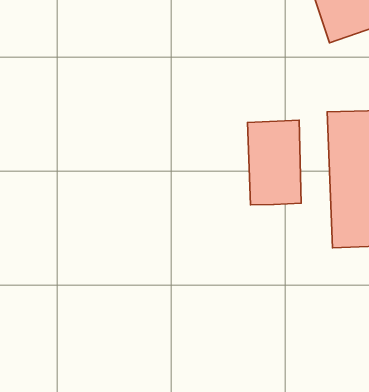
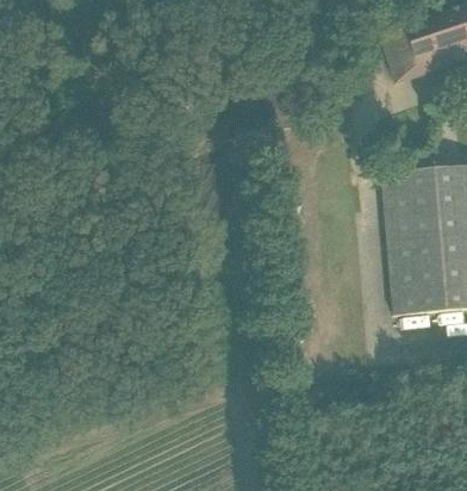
building: [247,120,301,205] -> none

